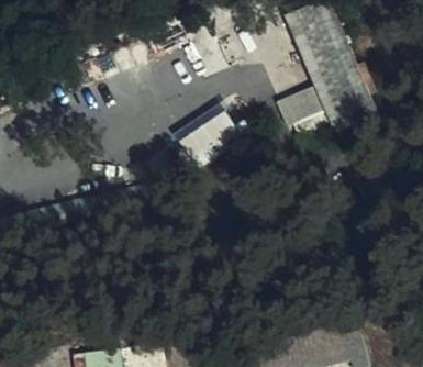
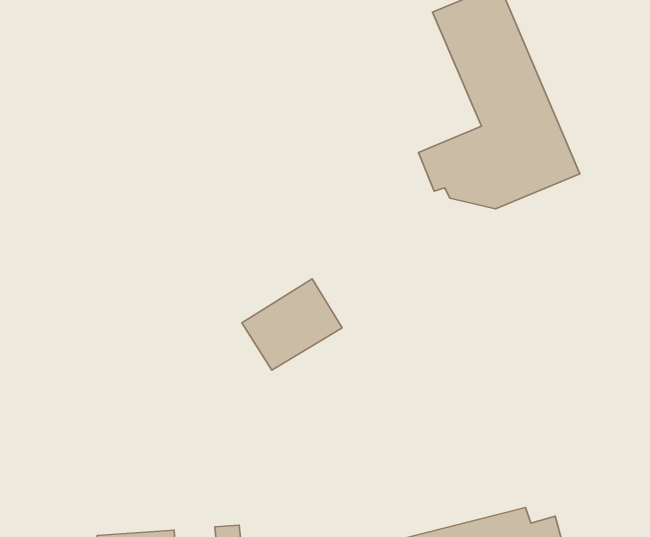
building: [179,102,242,159] -> [242,279,342,370]

